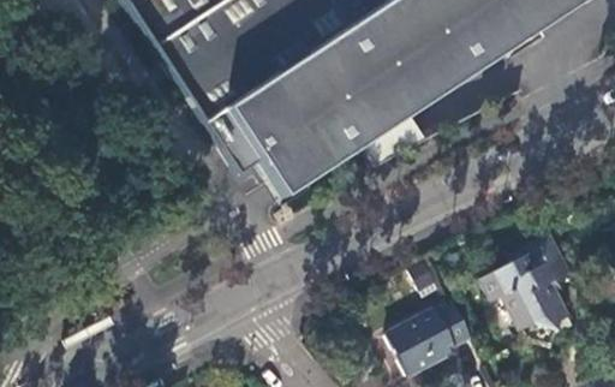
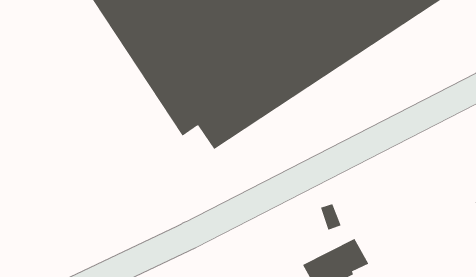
building: [485,232,583,346] -> none

